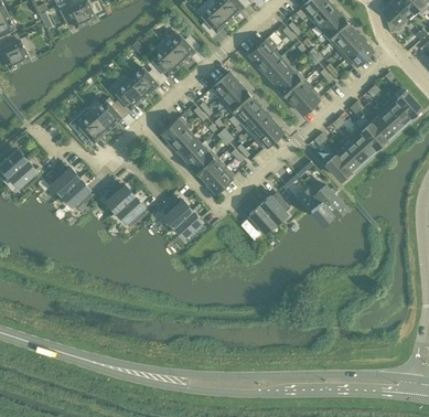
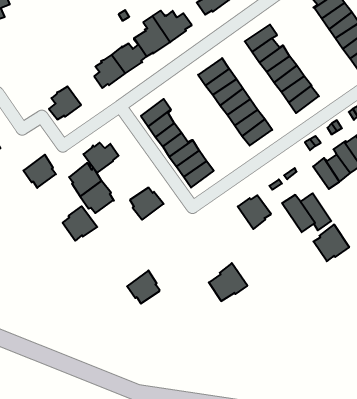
building: [93,103,125,130] -> [83,143,119,173]
building: [49,164,79,195] -> none
building: [240,205,276,240] -> [209,263,247,301]
building: [174,211,204,242] -> [127,270,160,304]
building: none -> [313,224,349,261]
building: none -> [63,206,97,241]

